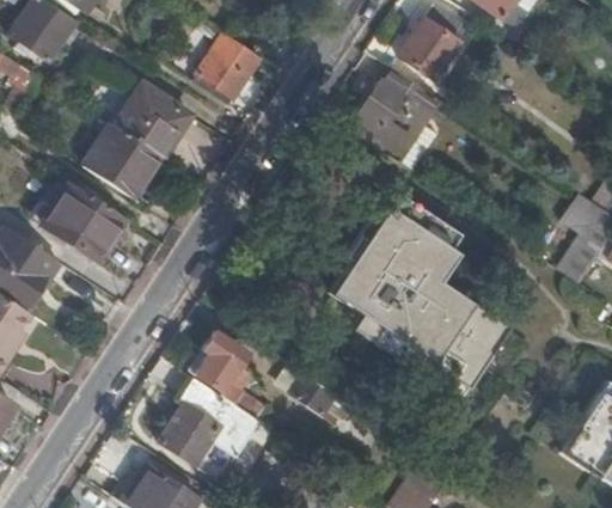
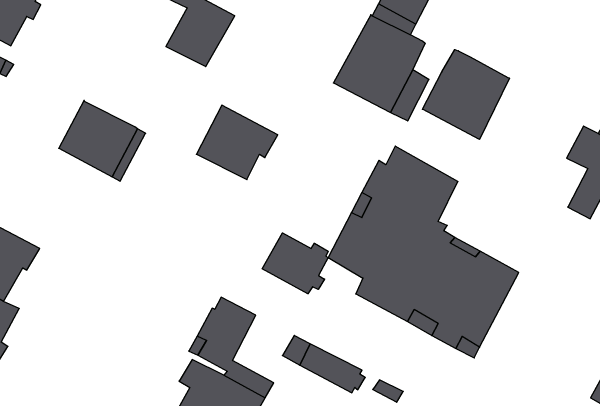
building: [112,78,191,151] -> [196,105,278,180]
building: none -> [422,50,509,139]
building: [42,180,126,258] -> none
building: none -> [262,233,328,294]

